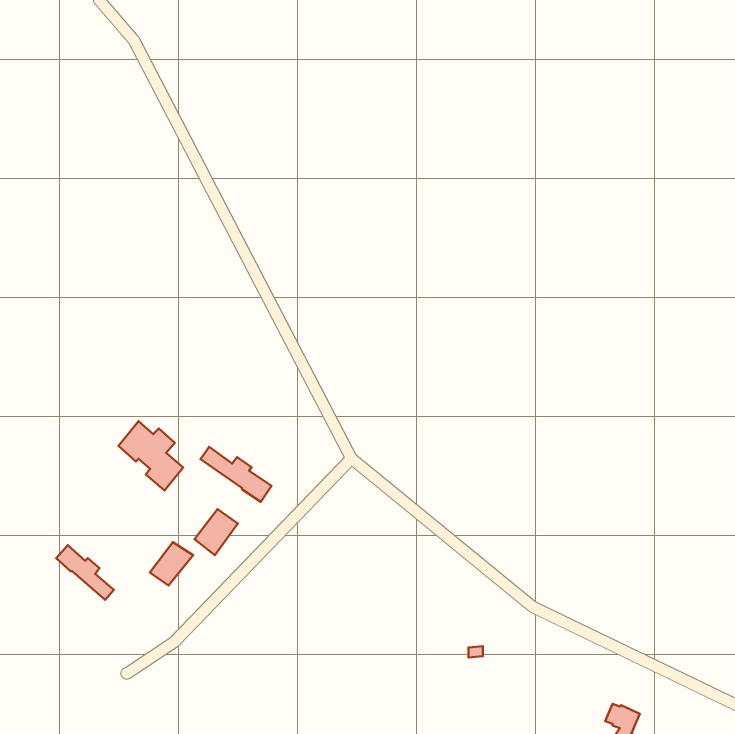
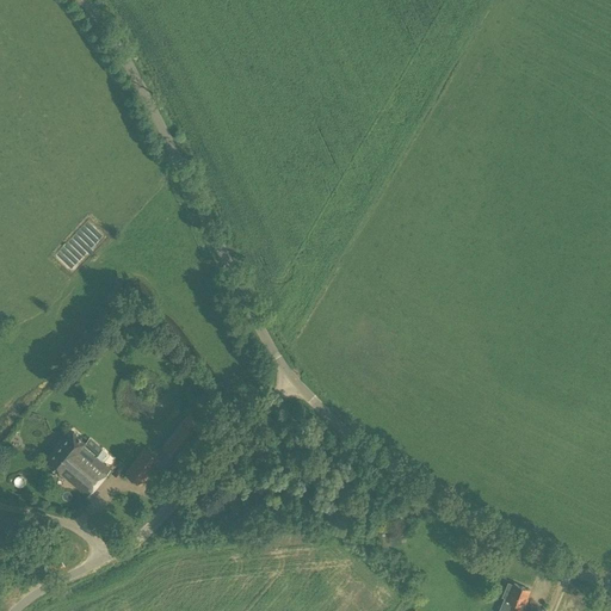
building: [118,421,183,490] -> [57,433,111,490]
building: [201,447,272,502] -> none

